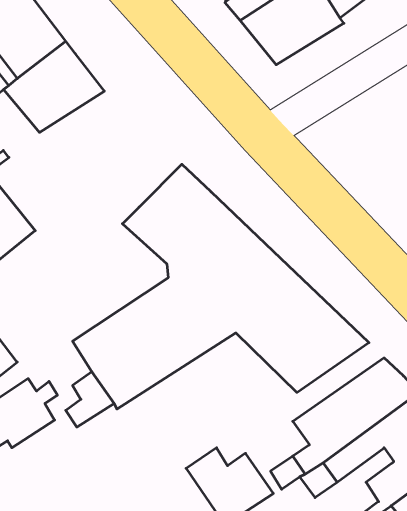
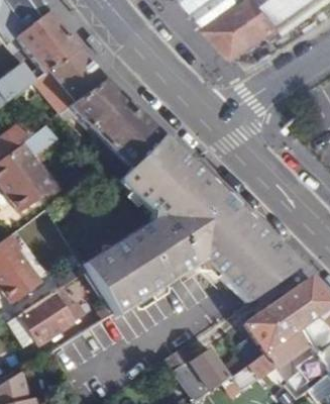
building: none -> [59,82,162,167]

